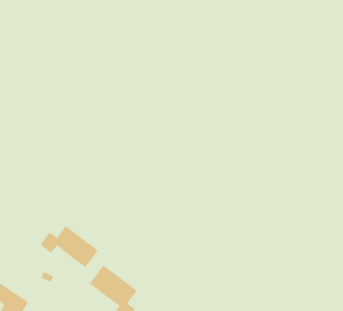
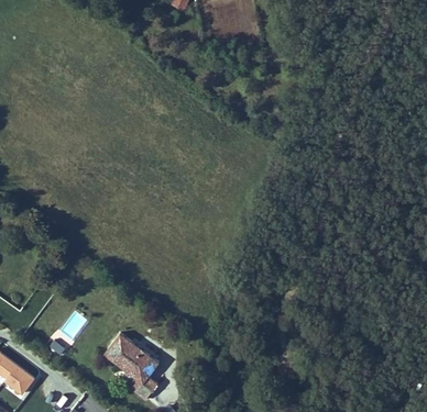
building: [39,225,99,268] -> none

